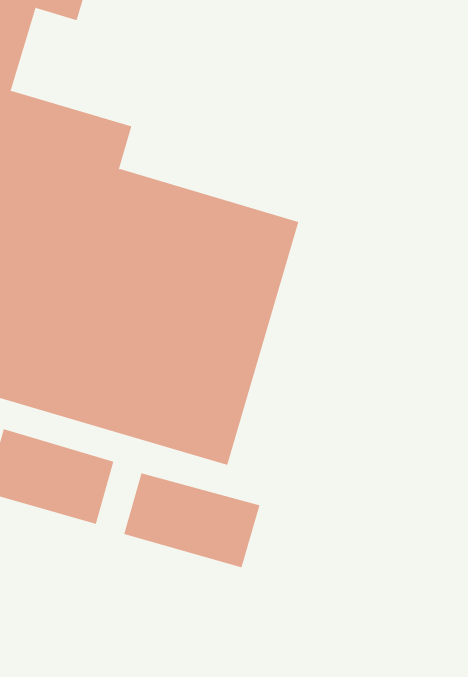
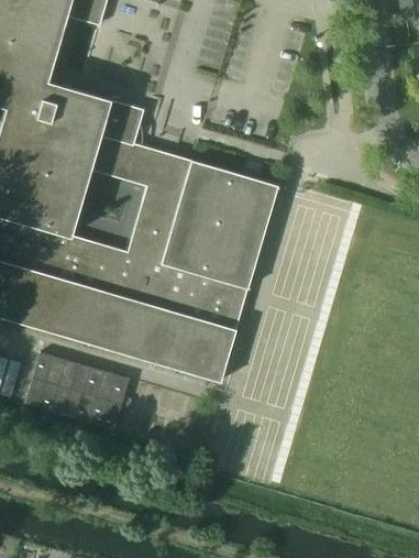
building: [123,472,260,568] -> none

